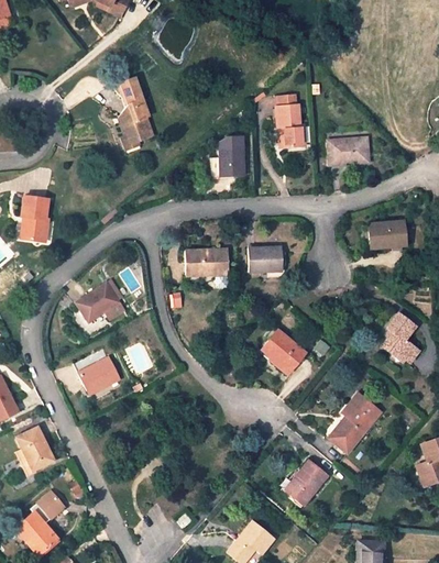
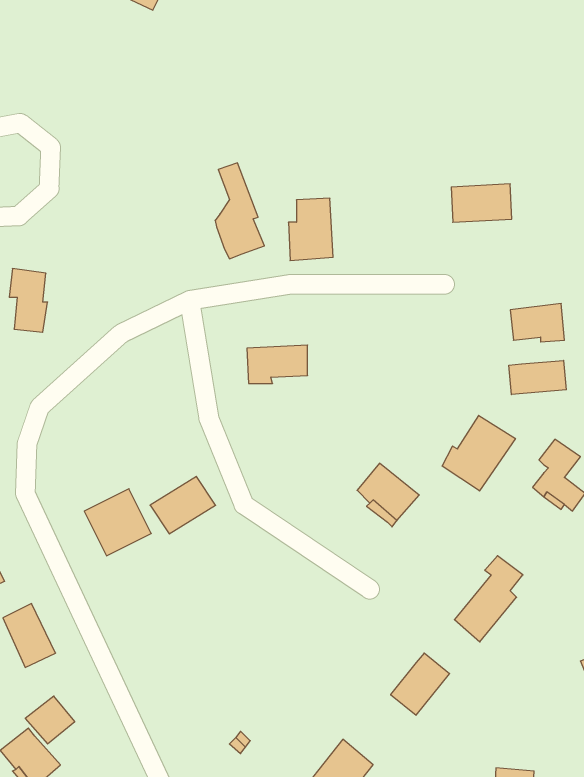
building: [119,77,153,143] -> [215,163,264,259]
building: [273,93,305,147] -> none
building: [248,245,283,271] -> none
building: none -> [509,360,566,395]
building: [75,282,120,321] -> [150,476,216,534]
building: none -> [442,415,515,491]

